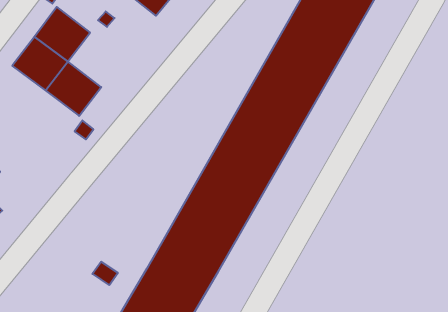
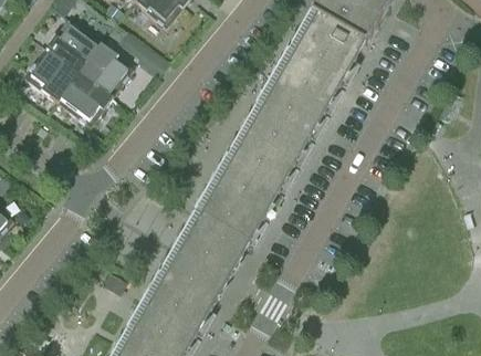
building: none -> [77,43,133,97]

